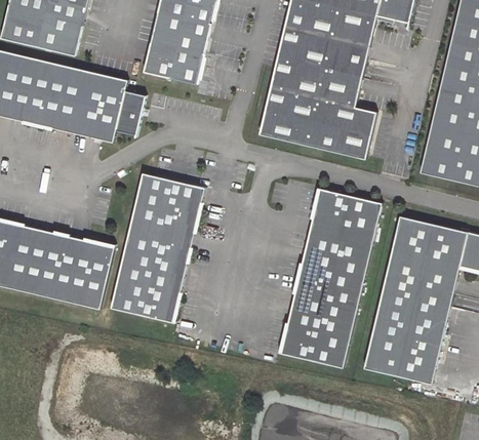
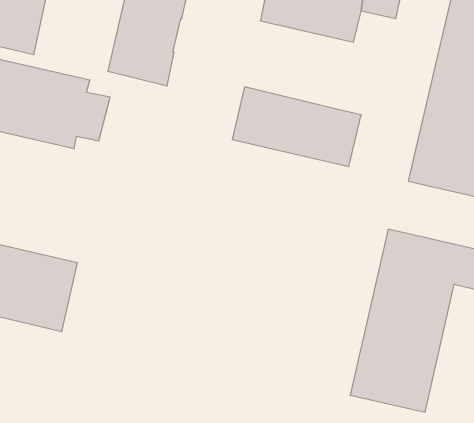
building: [268,26,367,107] -> none
building: [111,173,206,322] -> none
building: [281,190,382,368] -> none

